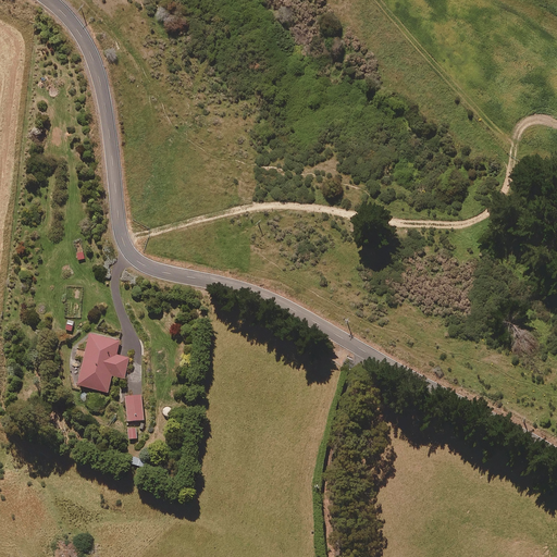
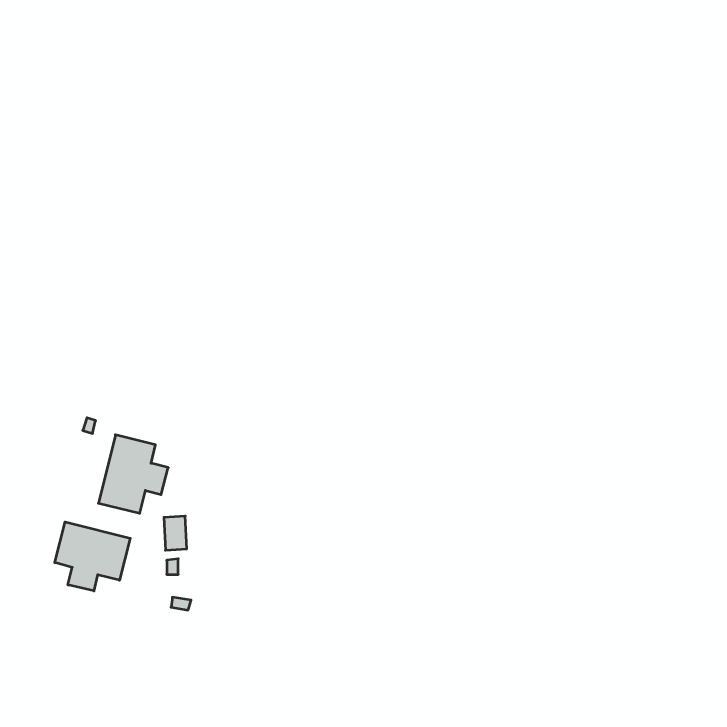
building: none -> [55,522,130,591]

